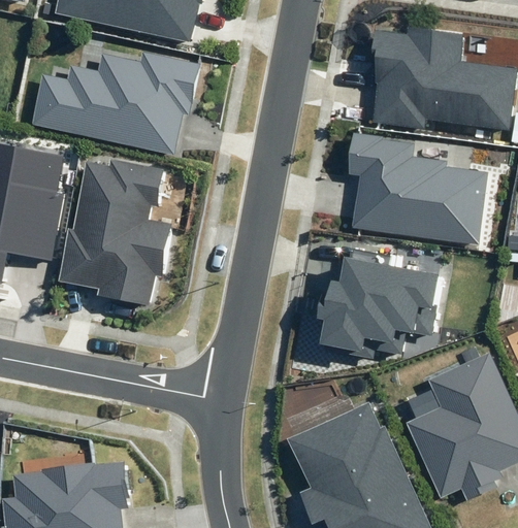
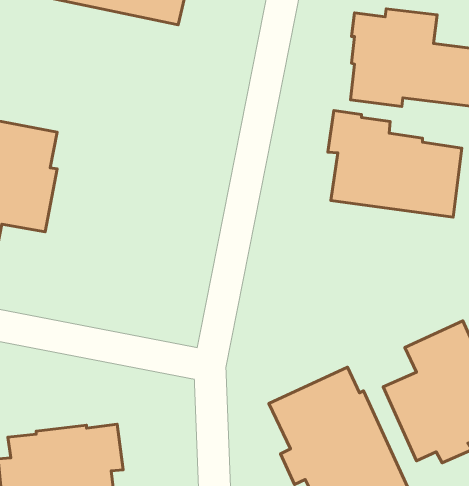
building: [31,53,199,155] -> none
building: [57,160,172,306] -> none
building: [317,256,440,359] -> none

